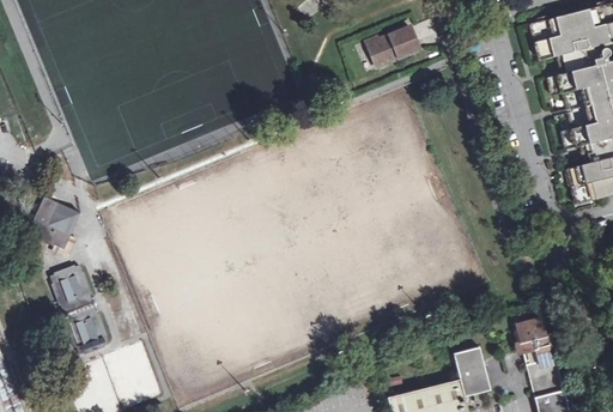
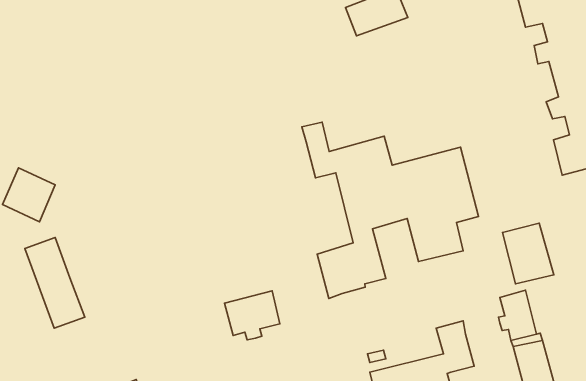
building: none -> [302,122,478,298]
building: none -> [503,223,554,284]
building: none -> [224,291,280,340]

